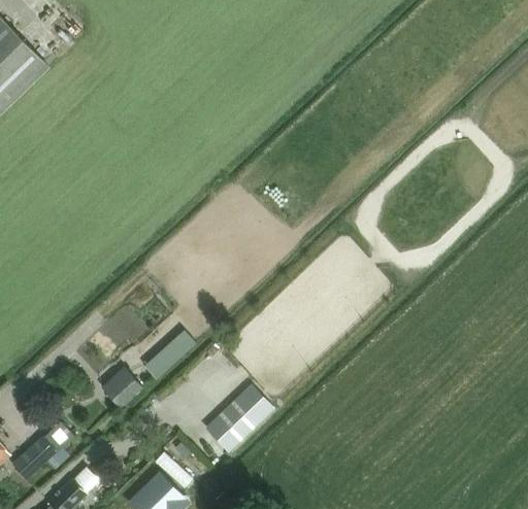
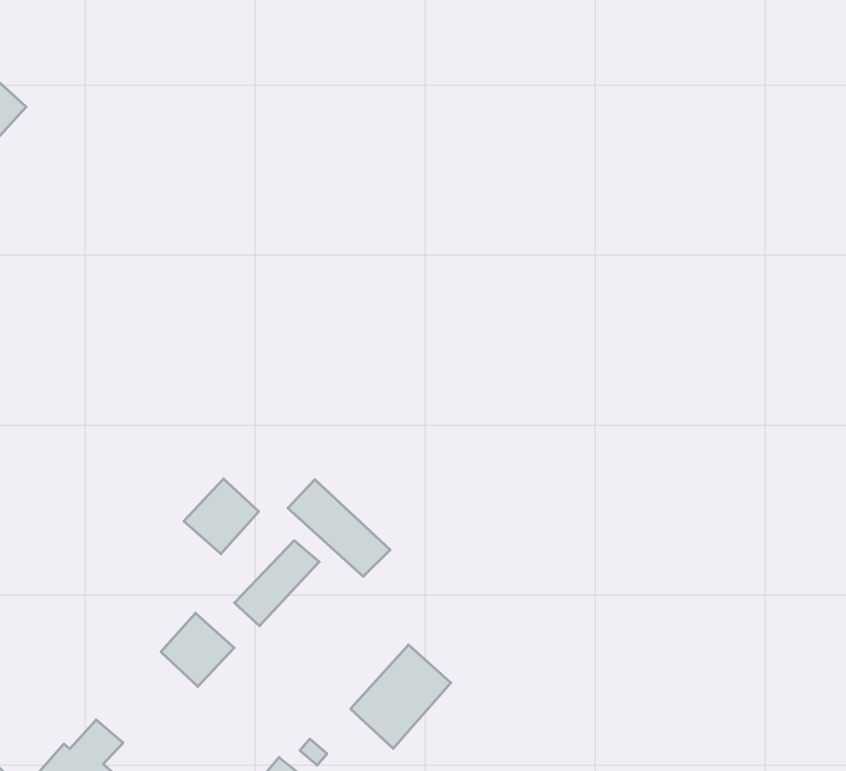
building: none -> [184,479,259,554]
building: none -> [288,480,390,576]

